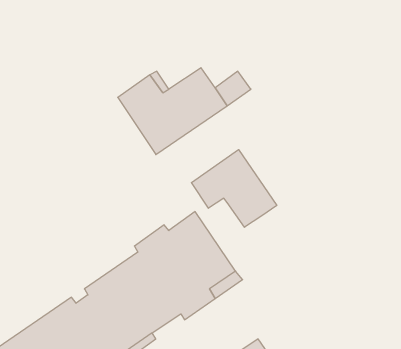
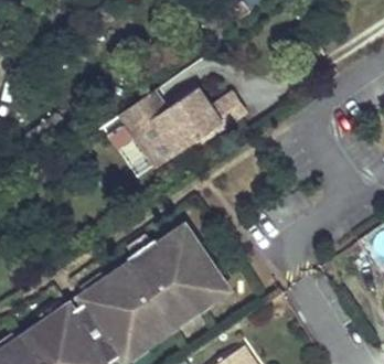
building: [191,150,277,227] -> none

